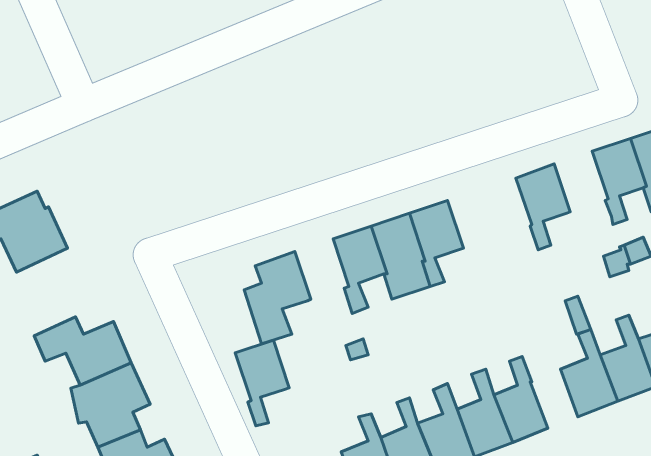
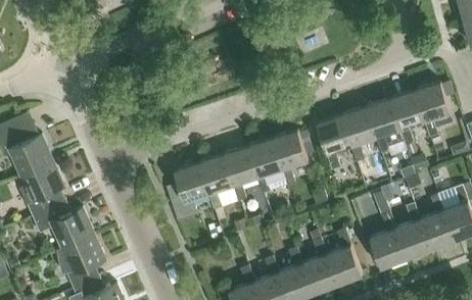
building: none -> [366,98,403,153]
building: none -> [316,115,351,169]
building: none -> [19,160,64,216]
building: [235,340,289,426] -> [199,154,234,209]

